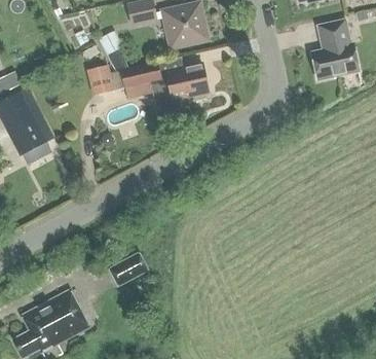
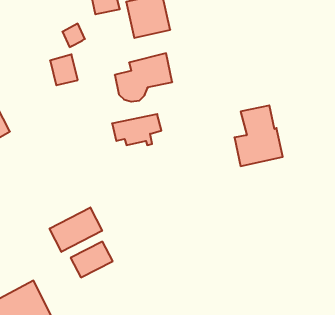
building: [311,20,360,80] -> [234,105,283,166]
building: [112,63,161,94] -> [112,114,161,145]
building: none -> [50,207,102,252]

